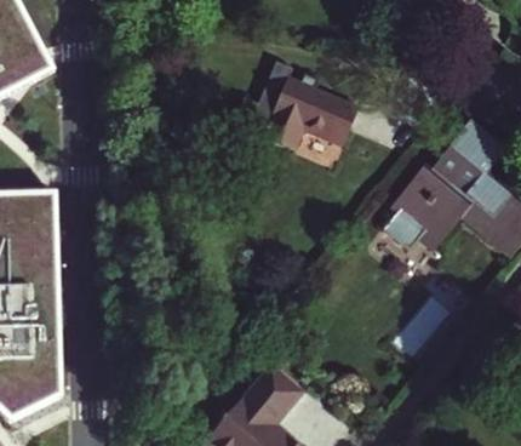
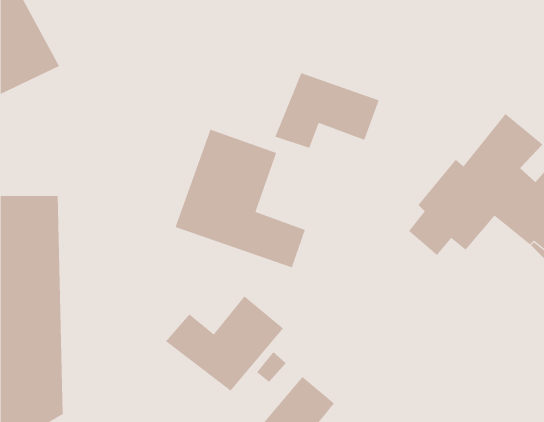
building: none -> [175,129,306,268]
building: none -> [165,295,284,392]

